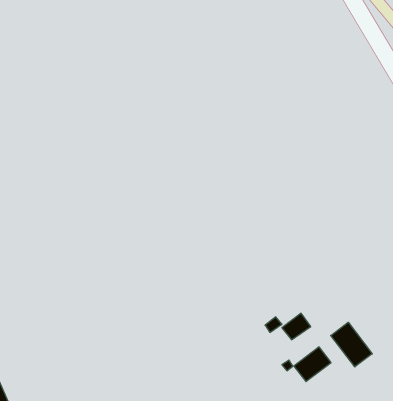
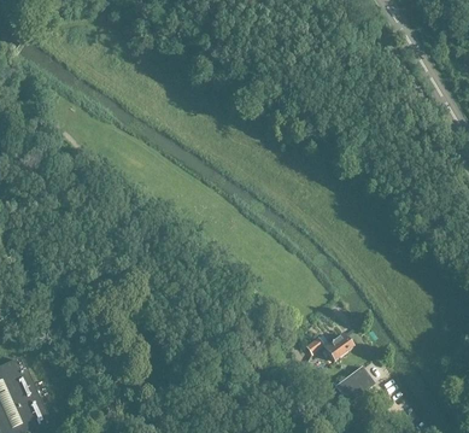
building: [331,322,372,367] -> none

